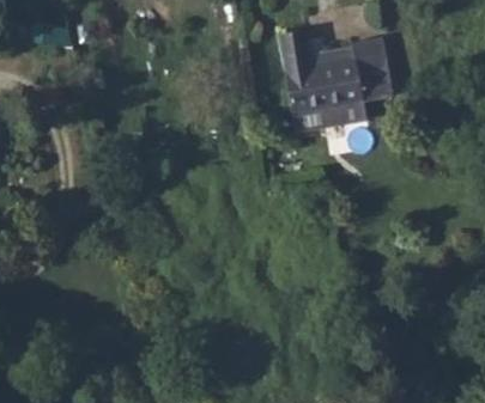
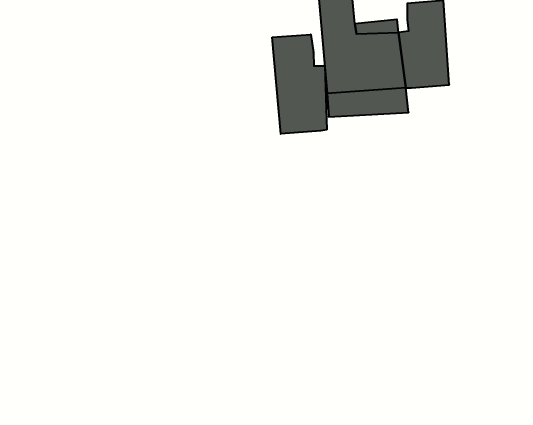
building: none -> [272,34,327,134]

